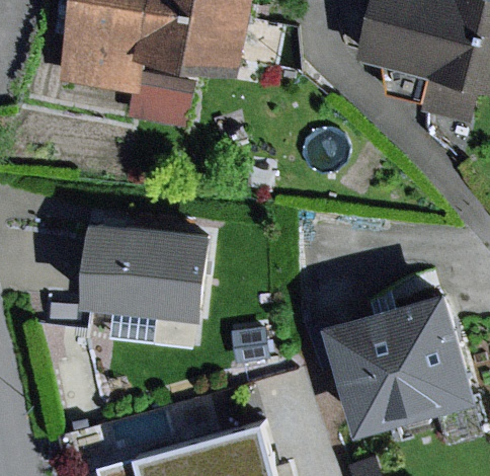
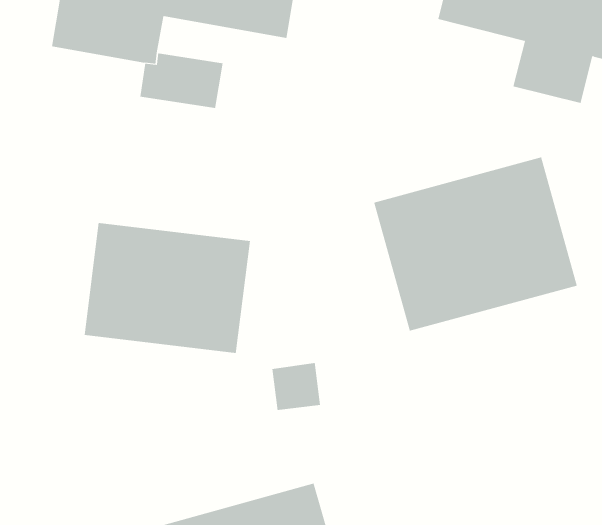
building: none -> [373,157,578,332]
building: [322,291,476,437] -> none

